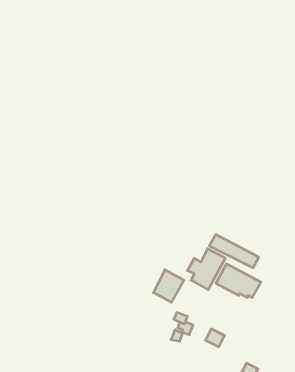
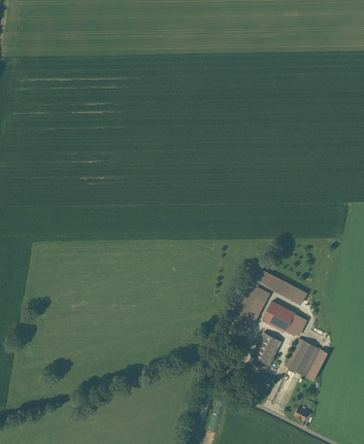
building: [153,270,184,302] -> [250,332,283,367]
building: none -> [285,339,328,381]

